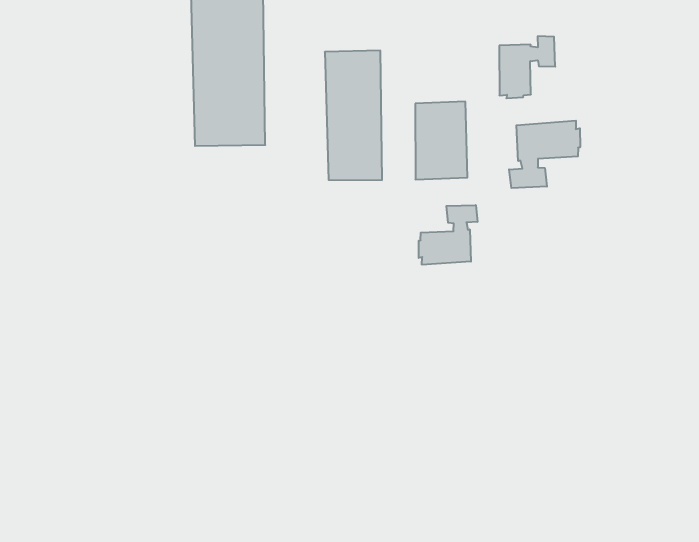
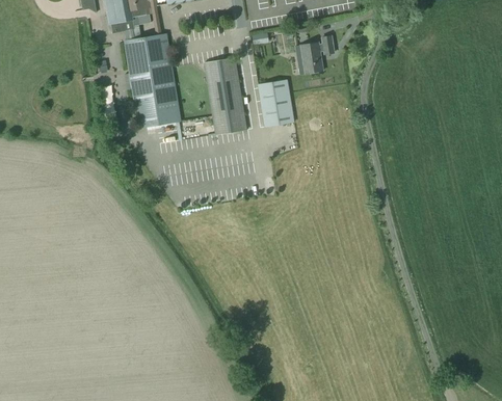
building: [509,121,580,188] -> none
building: [419,205,477,265] -> none

